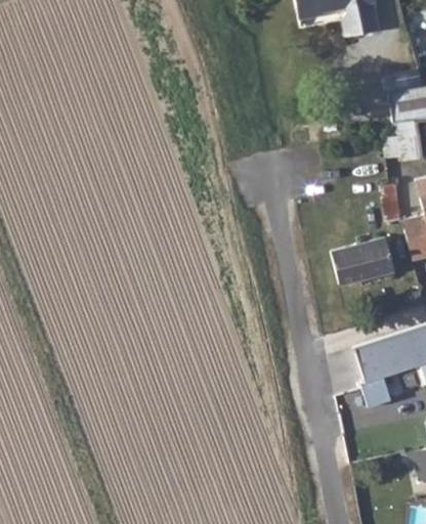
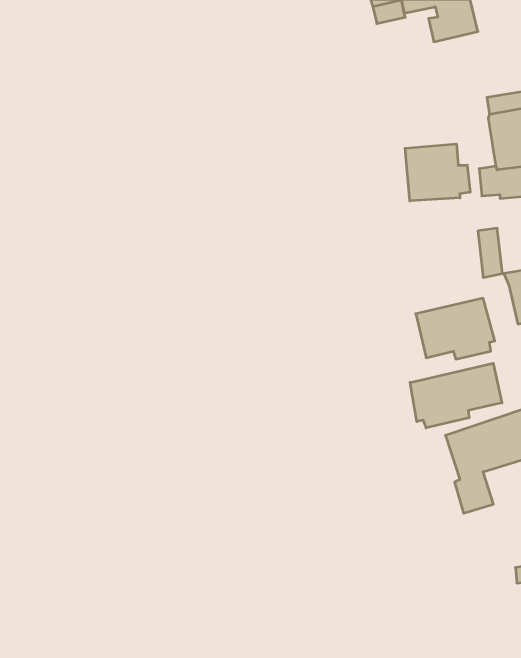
building: none -> [405,144,470,201]
building: none -> [410,363,502,428]

